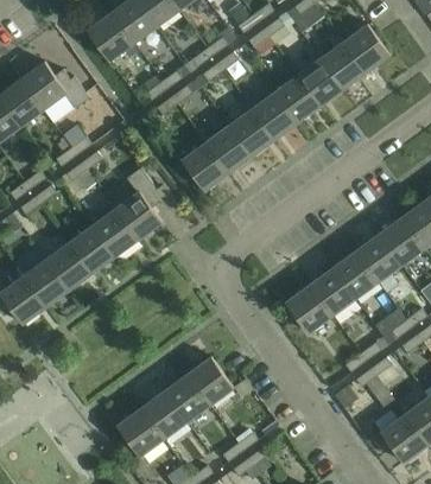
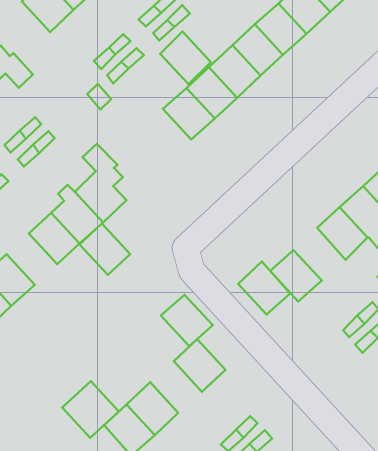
building: [182,142,227,191] -> [160,32,211,84]
building: [46,242,91,289] -> [79,224,130,275]
building: [309,267,355,316] -> [238,262,290,314]
building: [164,374,210,421] -> [161,295,213,346]
building: none -> [62,381,119,438]

